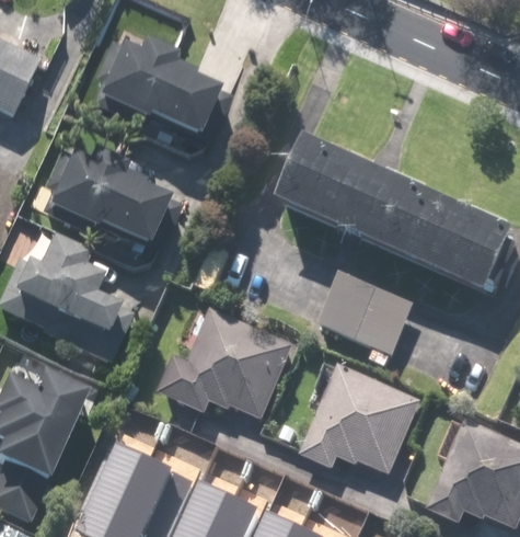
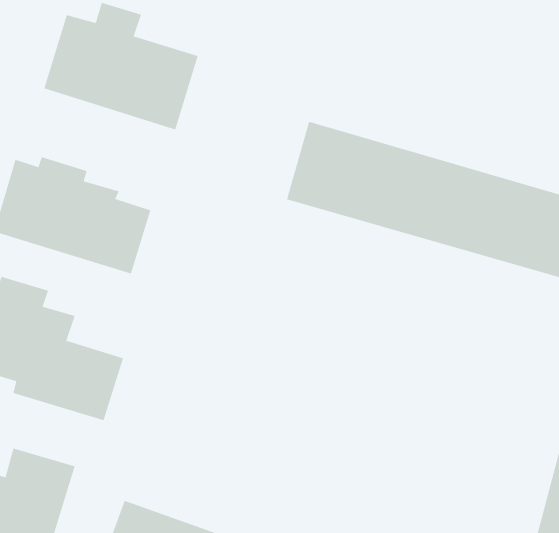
building: [321,271,413,350] -> none
building: [158,310,293,416] -> none
building: [302,361,423,475] -> none

